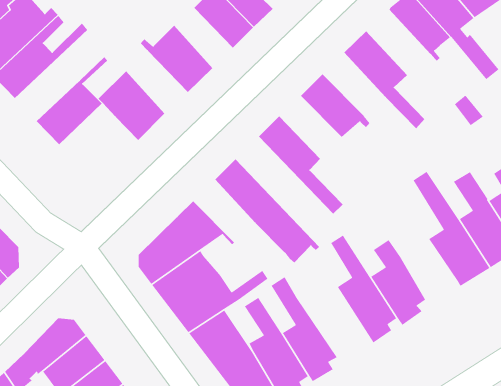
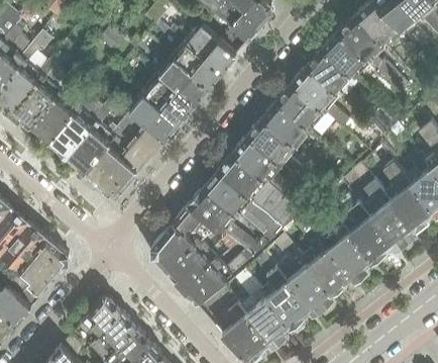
building: none -> [156,62,208,105]
building: none -> [306,49,355,96]
building: none -> [49,86,117,158]
building: none -> [130,97,178,143]
building: none -> [277,84,325,129]
building: none -> [247,119,303,177]
building: none -> [86,140,144,196]
building: none -> [218,153,302,231]
building: none -> [190,188,265,257]
building: none -> [348,204,392,267]
building: none -> [273,236,334,315]

